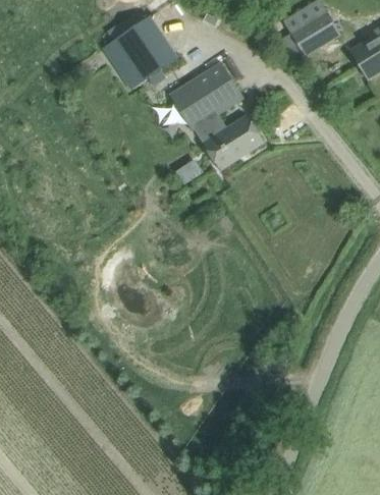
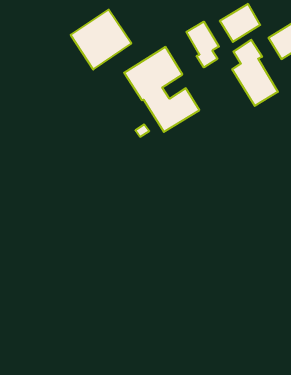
building: none -> [186,22,219,67]
building: none -> [232,40,278,106]

